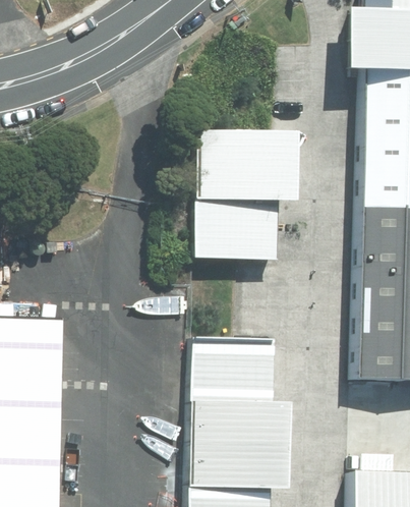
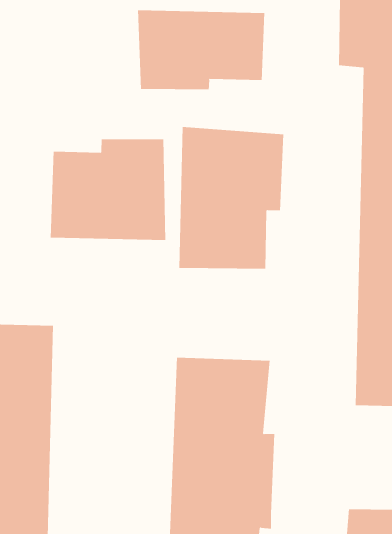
building: none -> [138,9,265,90]
building: none -> [50,139,166,241]

